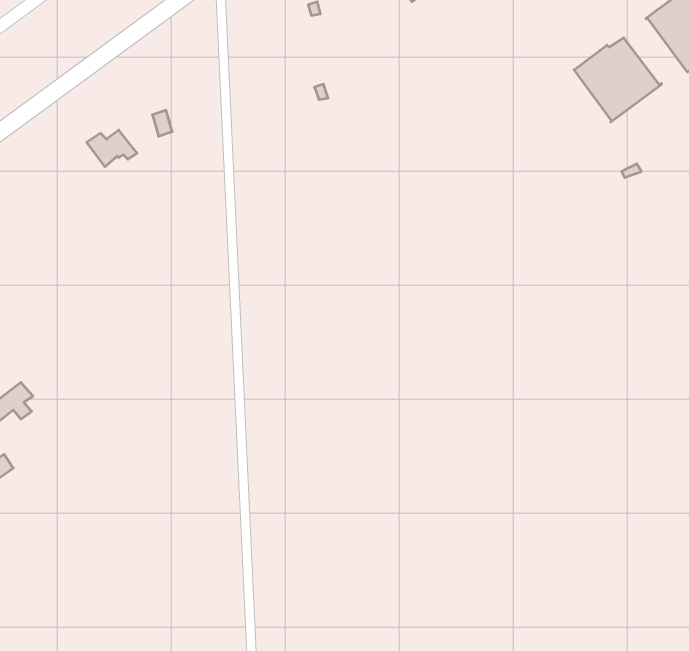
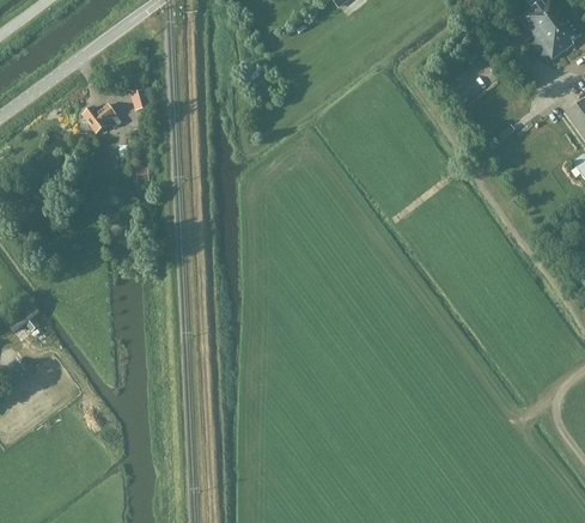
building: [574,38,661,122] -> none

